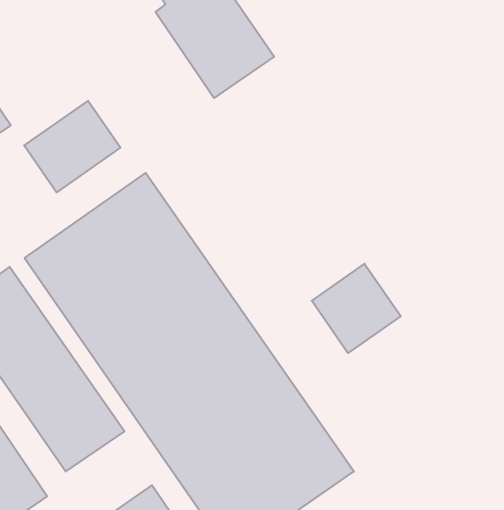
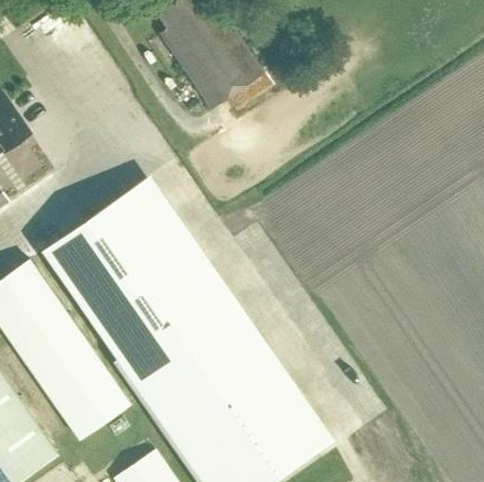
building: [24,101,120,192] -> none
building: [312,264,401,353] -> none

